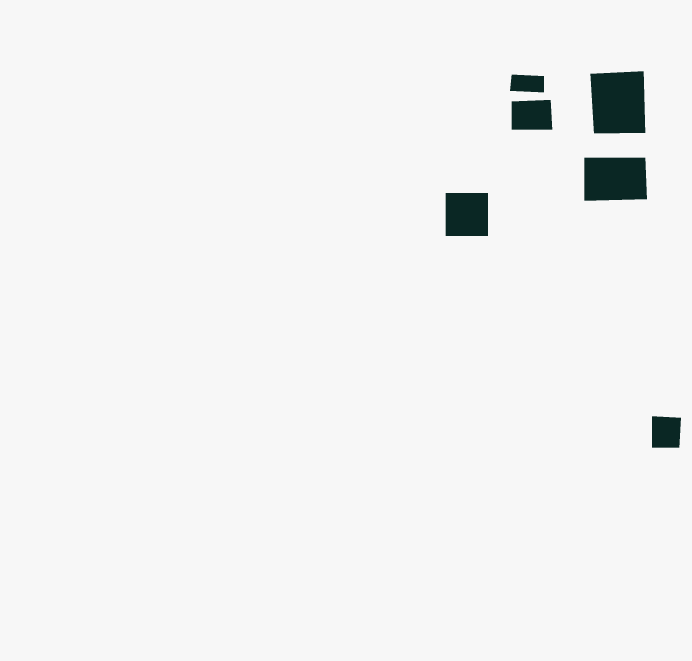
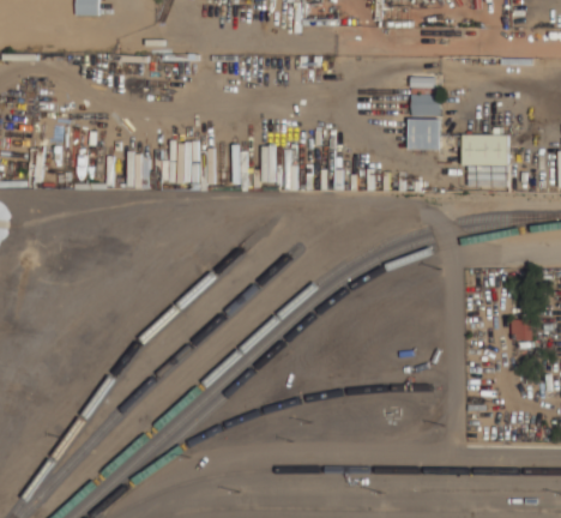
building: [590,71,646,134] -> none
building: [445,192,489,236] -> [408,120,439,151]

